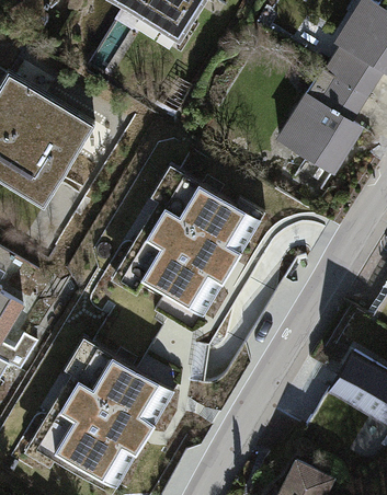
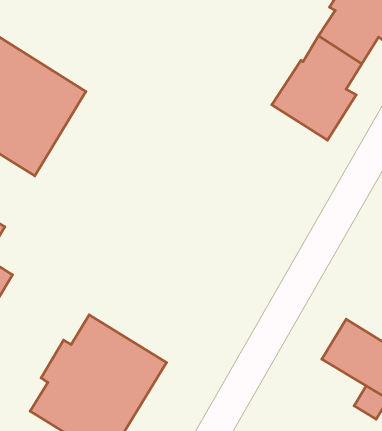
building: [125,174,264,315] -> none

